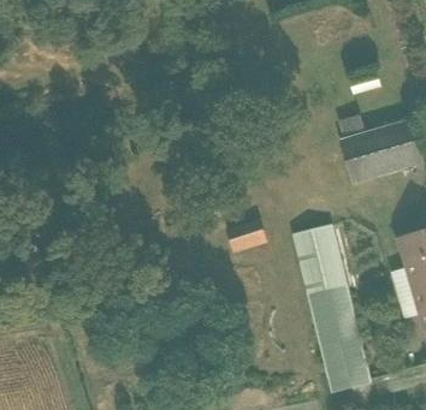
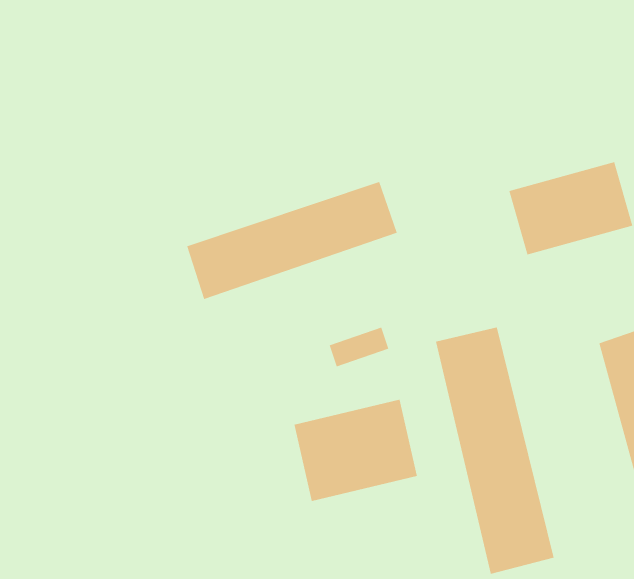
building: none -> [186,181,397,300]
building: none -> [294,399,418,502]

